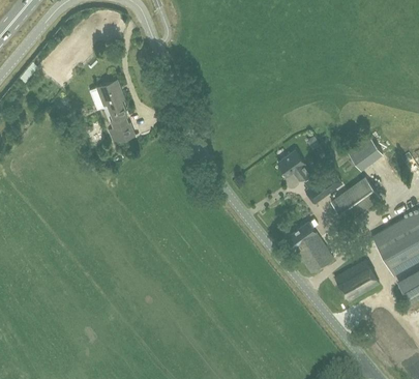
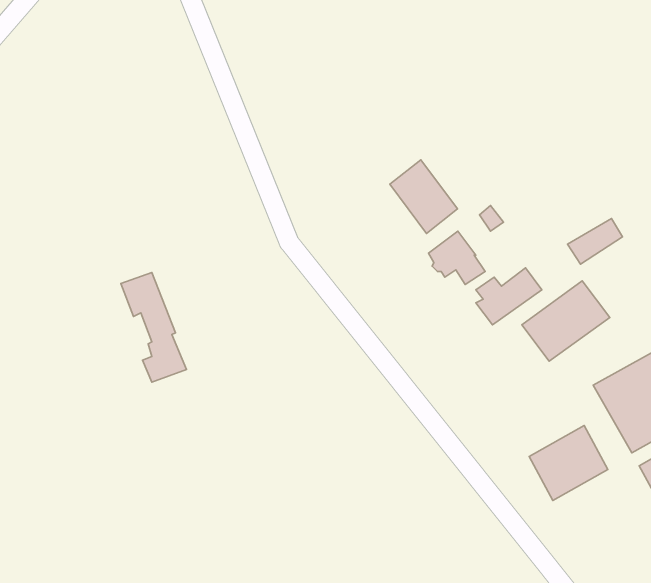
building: [96,81,133,143] -> [121,272,187,382]
building: none -> [390,160,458,233]
building: [286,221,333,272] -> none

